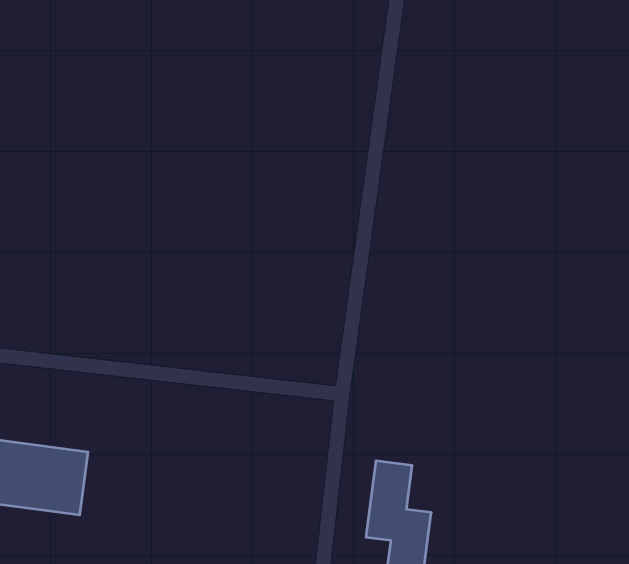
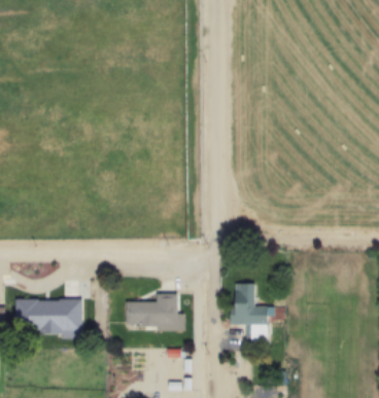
building: none -> [126,293,177,325]

